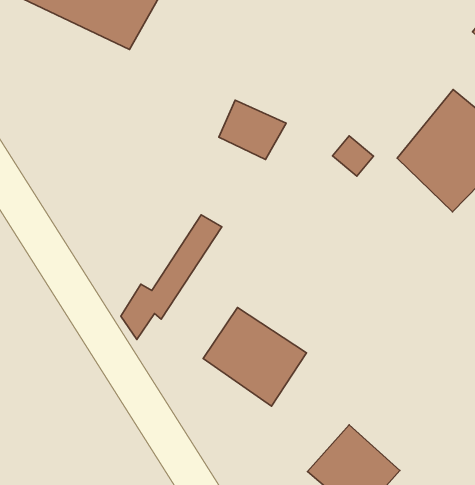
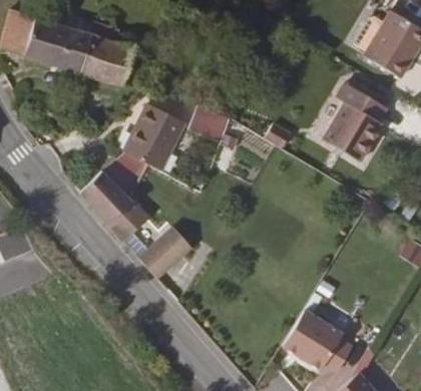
building: none -> [79,108,183,238]
building: [203,307,306,406] -> none

